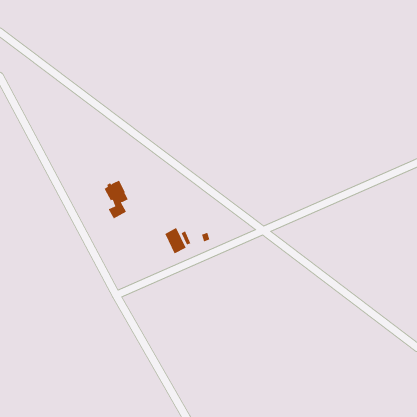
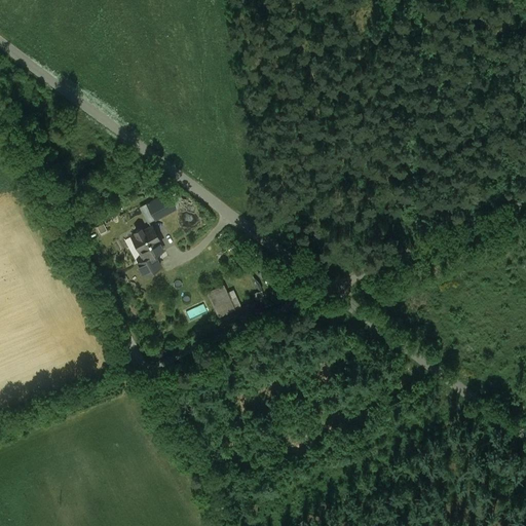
building: none -> [146,195,174,221]

